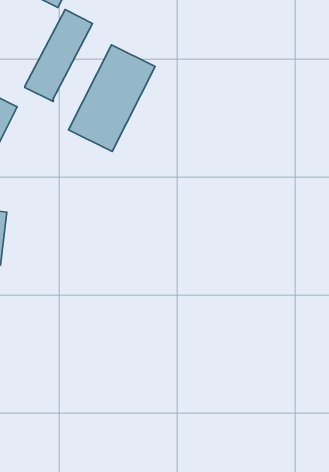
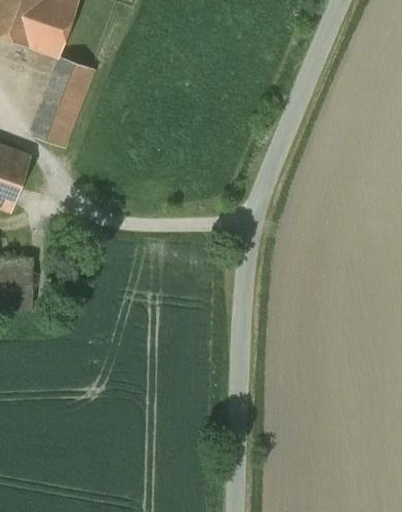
building: [69,45,155,152] -> none

